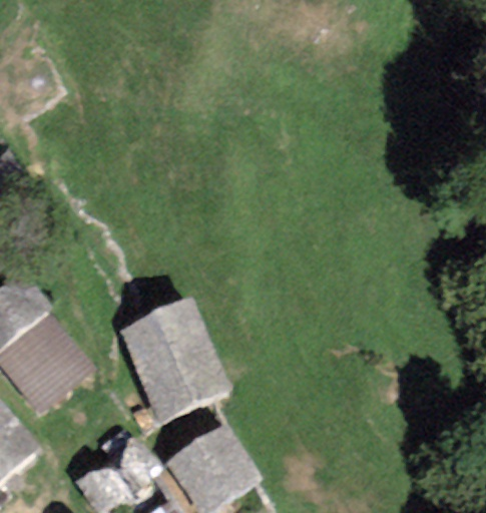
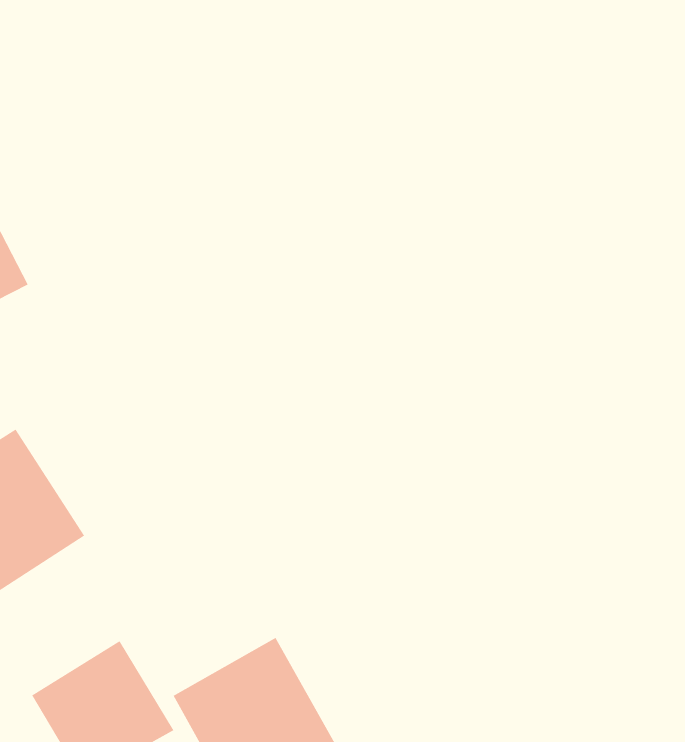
building: [118,301,220,405] -> none

